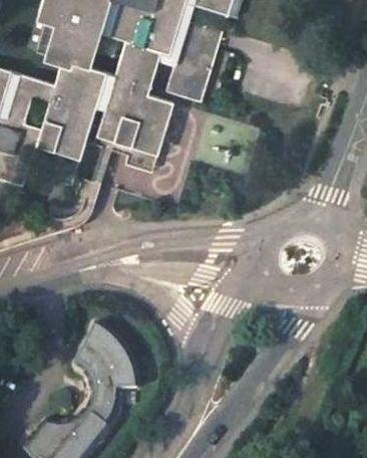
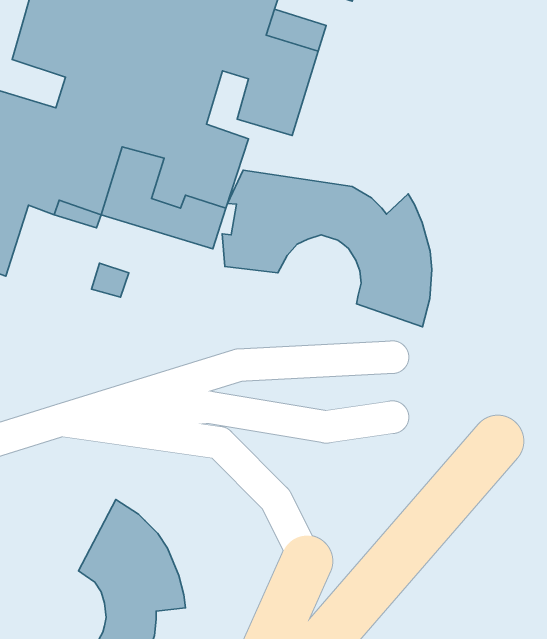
building: none -> [222,170,432,327]

